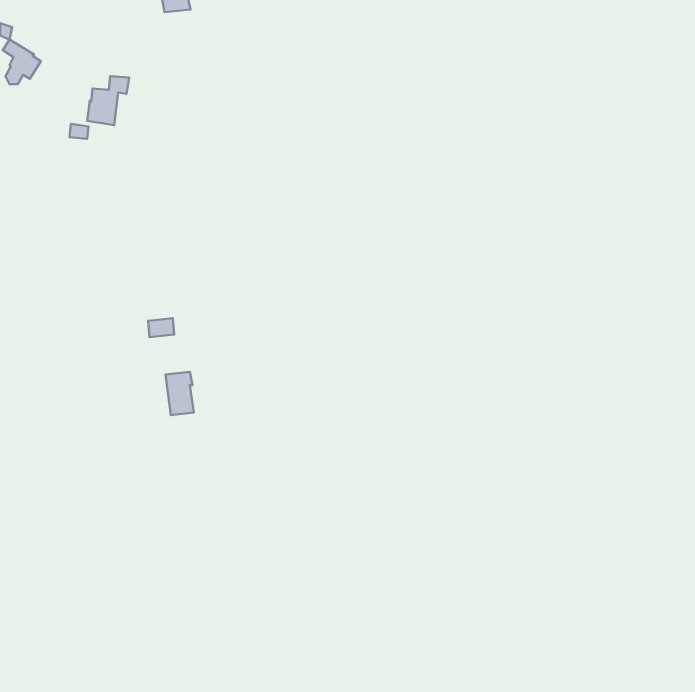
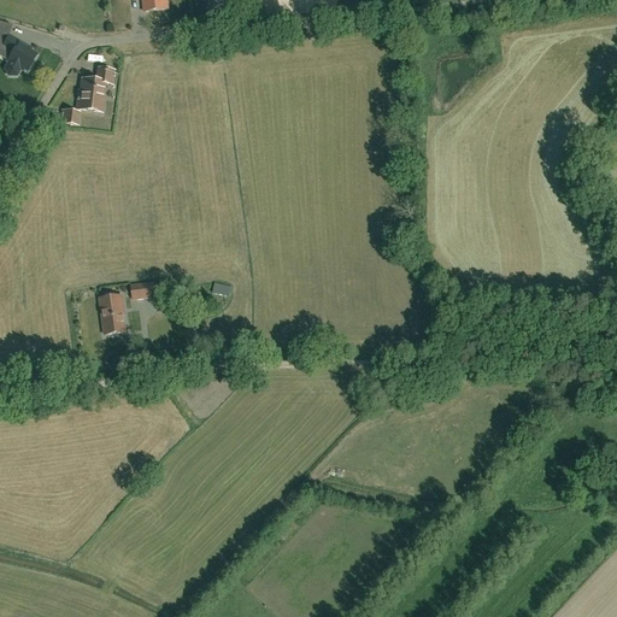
building: [165,372,194,415] -> [100,295,125,334]

